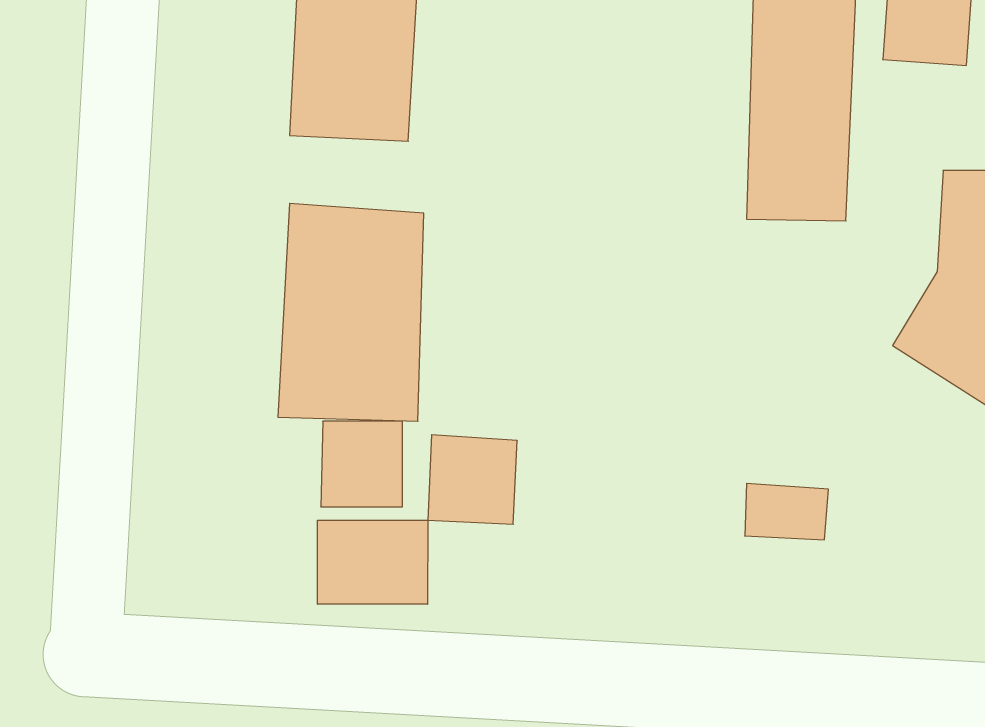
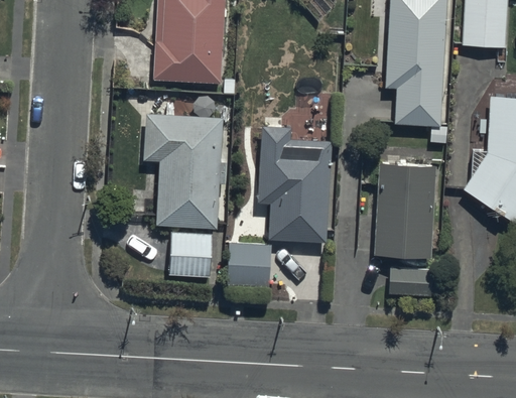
building: none -> [255,122,331,238]
building: none -> [376,162,436,257]
building: [318,520,428,604] -> none

